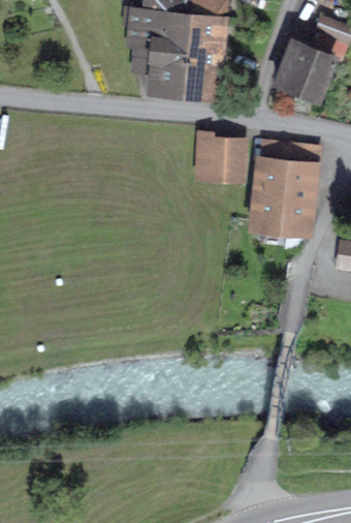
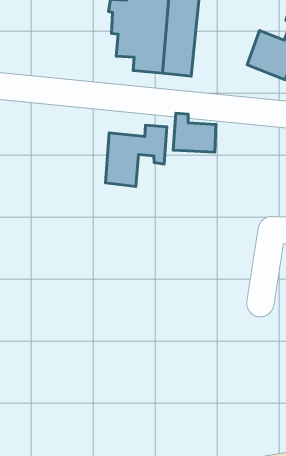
building: [254,149,313,232] -> none
building: none -> [105,125,167,187]

